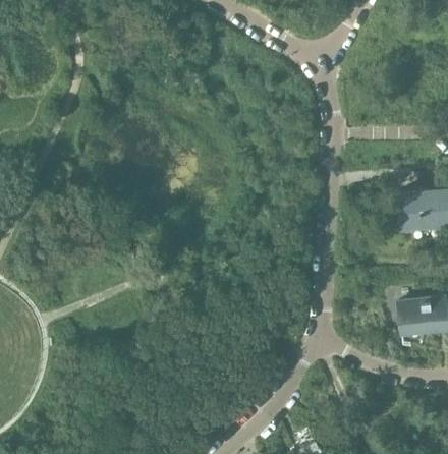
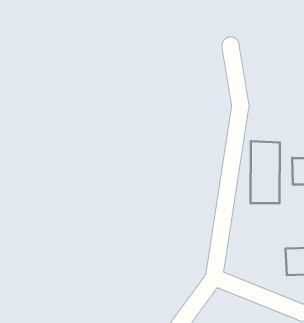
building: none -> [250,141,280,203]

